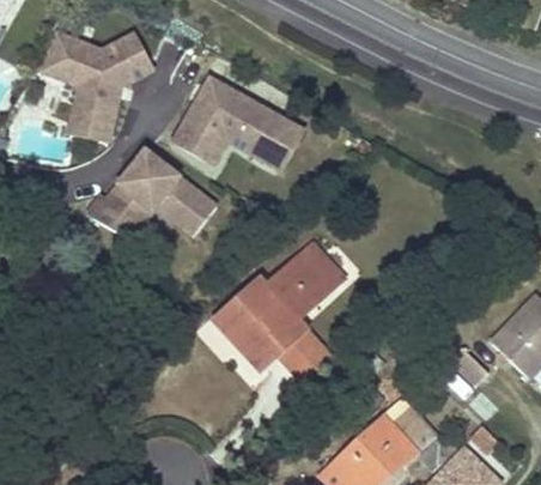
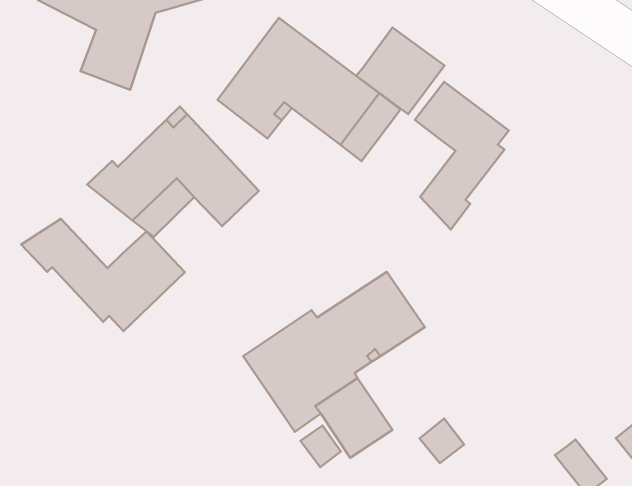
building: none -> [356,27,445,114]
building: none -> [415,82,509,230]
building: none -> [21,219,185,331]

